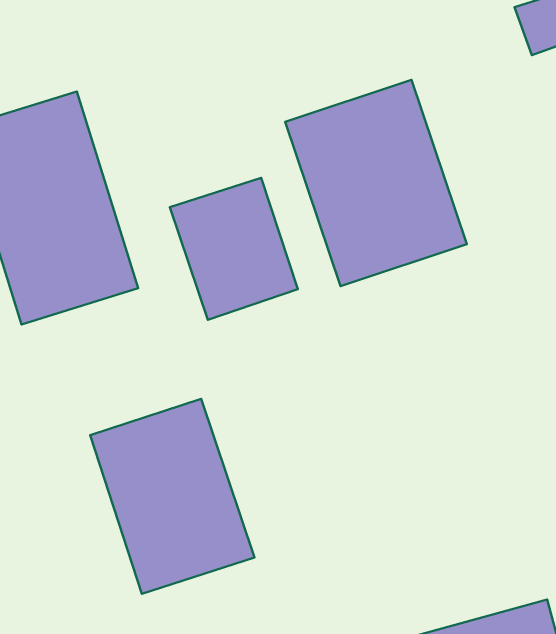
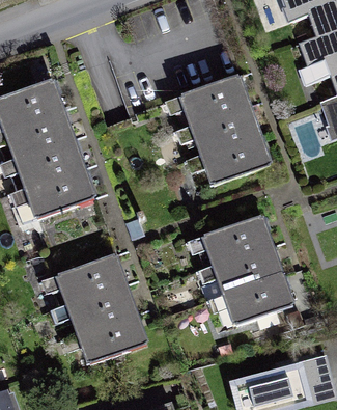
building: [170,178,298,320] -> none
building: none -> [207,212,300,321]

